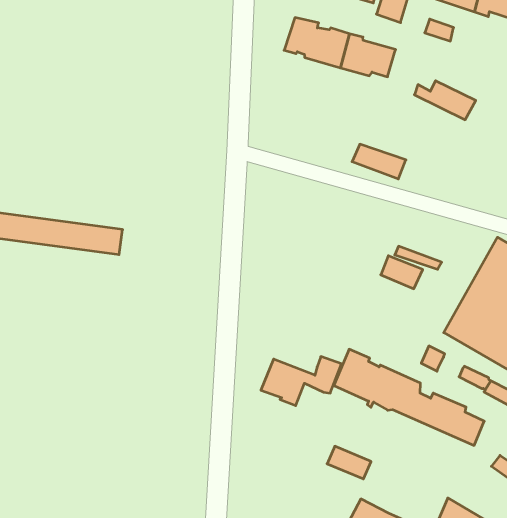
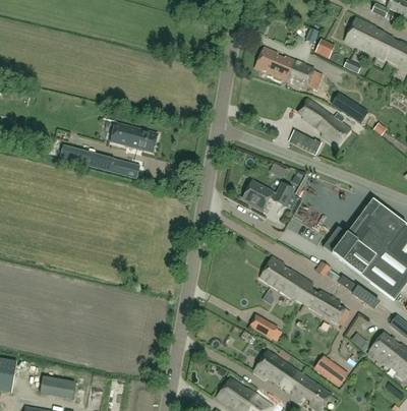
building: none -> [297,97,350,148]
building: none -> [110,122,159,152]
building: [261,357,341,406] -> [242,180,294,211]

